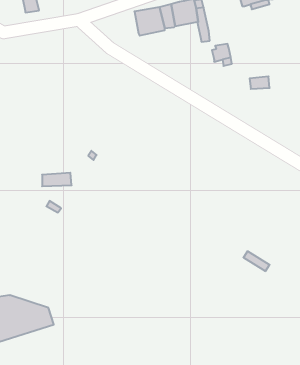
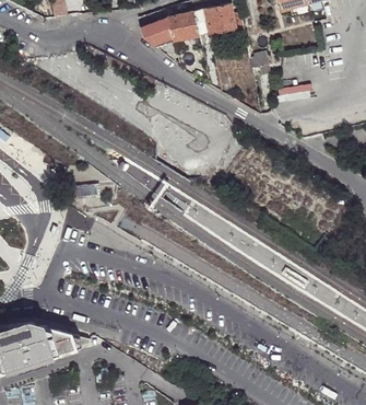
building: none -> [141,18,172,47]

